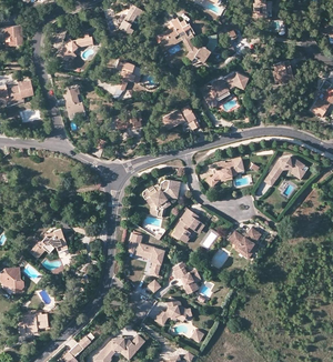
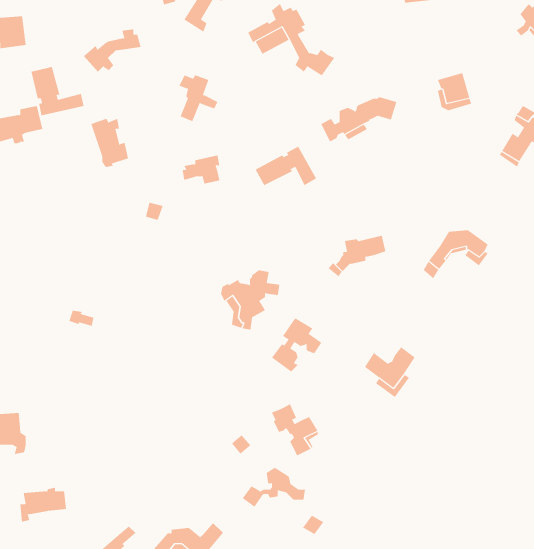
building: none -> [31,66,84,116]
building: [27,229,65,258] -> none
building: [129,233,164,274] -> none

